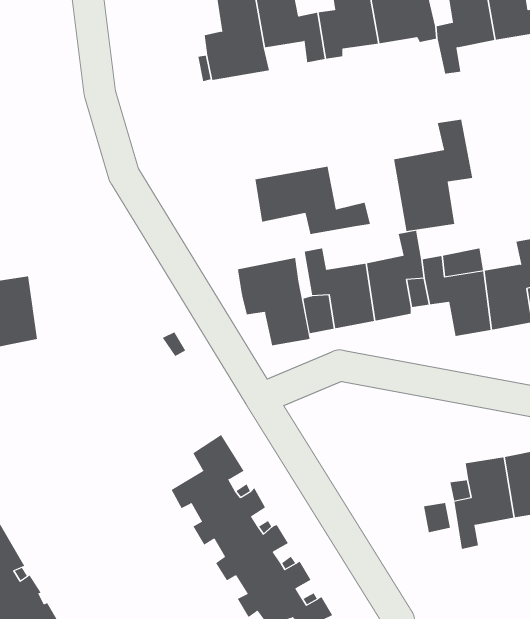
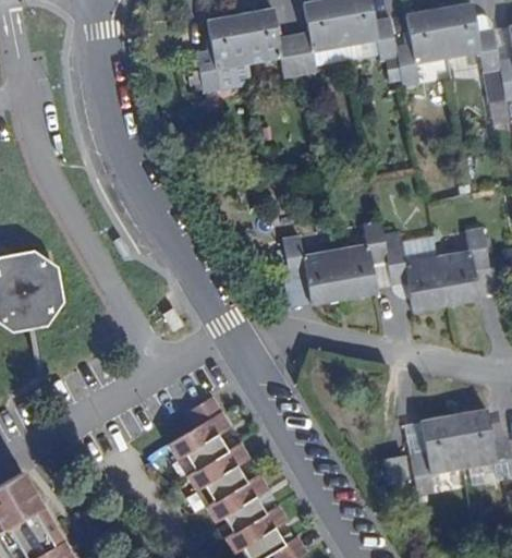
building: [393,119,473,232] -> none
building: [255,166,370,235] -> none
building: [237,257,310,346] -> none

